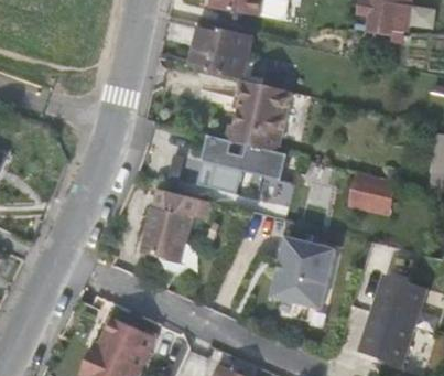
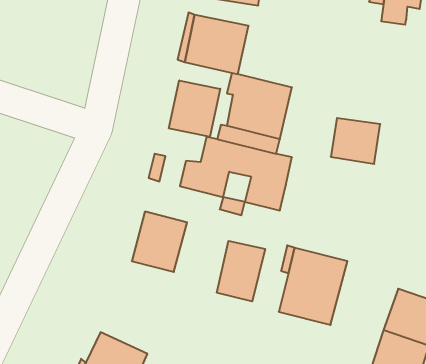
building: none -> [169,80,220,137]
building: [347,171,392,213] -> [331,118,380,164]
building: none -> [217,241,265,301]

